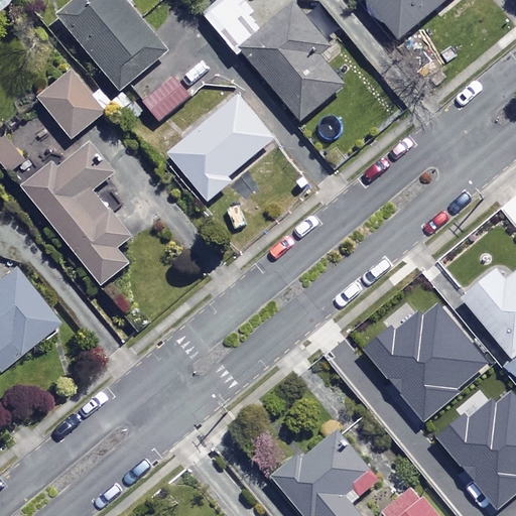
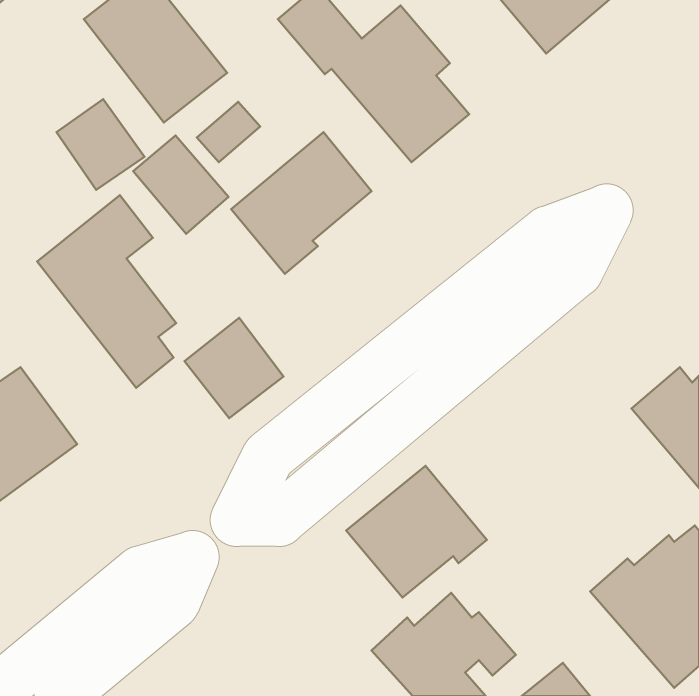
building: none -> [133,135,229,234]
building: none -> [184,318,283,418]
building: [359,296,487,418] -> none
building: none -> [346,466,487,598]

